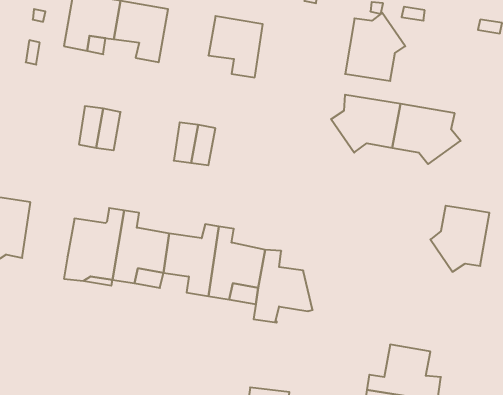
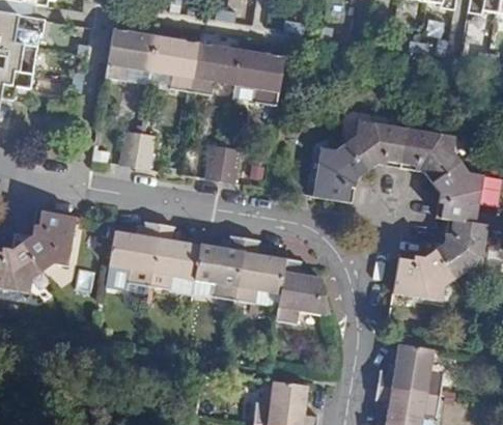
building: none -> [191,42,242,93]
building: [345,13,405,81] -> [312,141,366,202]
building: none -> [432,161,483,223]
building: none -> [393,249,454,300]

